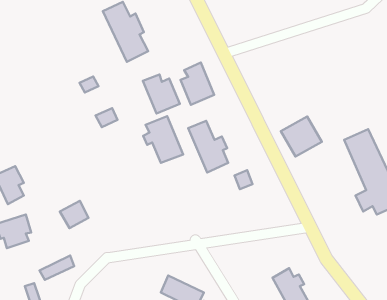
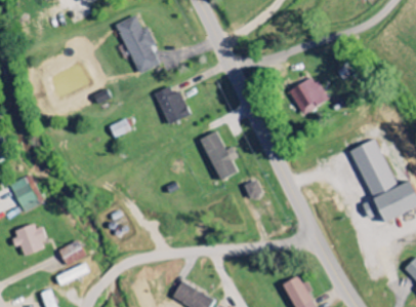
building: [181,63,214,105] -> none
building: [143,116,183,163] -> none
building: [281,116,322,156] -> [290,76,330,115]
building: [60,201,88,228] -> [58,240,86,267]

